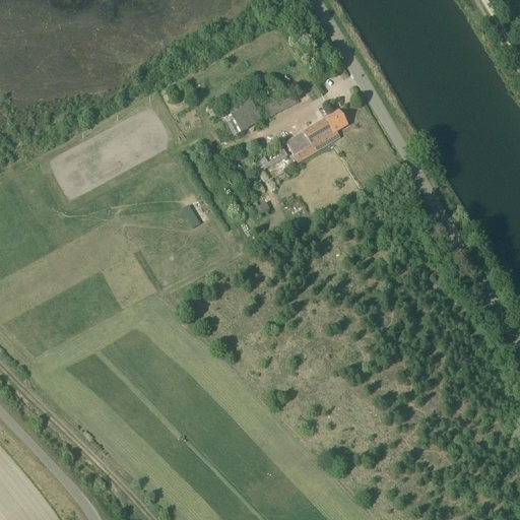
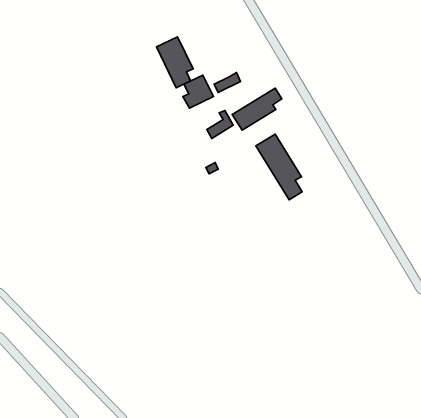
building: none -> [157,37,193,88]
building: none -> [256,134,302,200]

